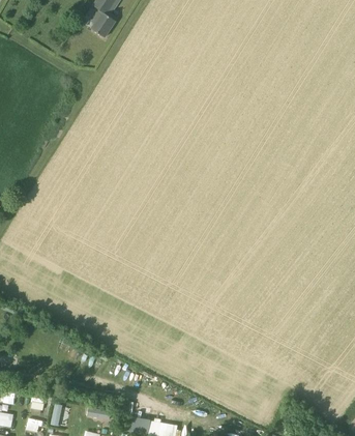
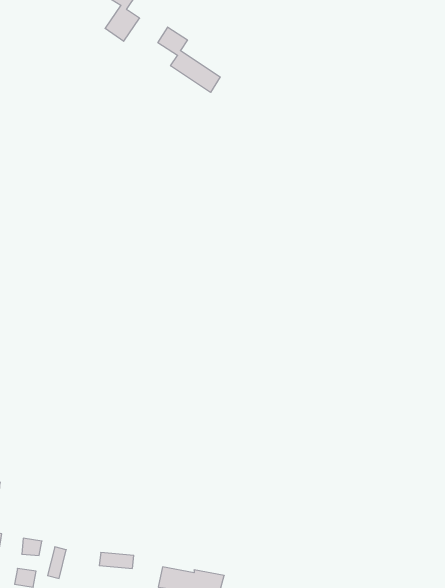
building: none -> [158,27,220,92]

